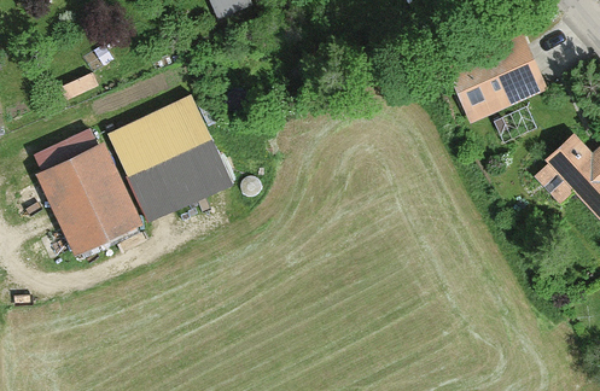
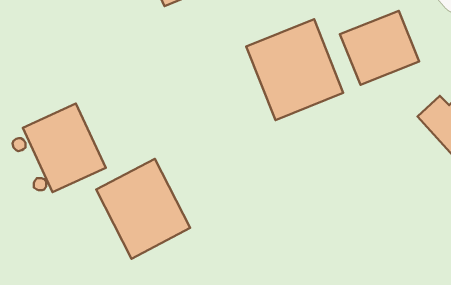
building: none -> [246,19,343,120]
building: [110,92,232,221] -> [96,159,190,259]

